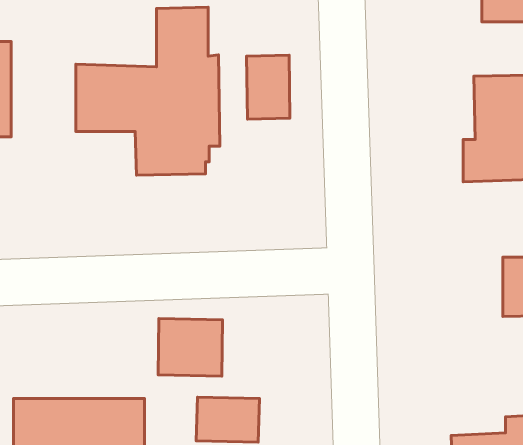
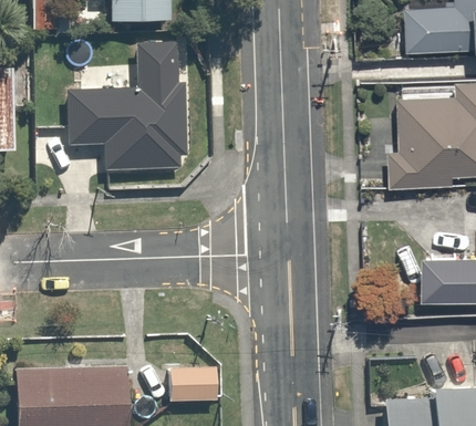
building: [246,55,290,119] -> none
building: [158,319,223,376] -> none

